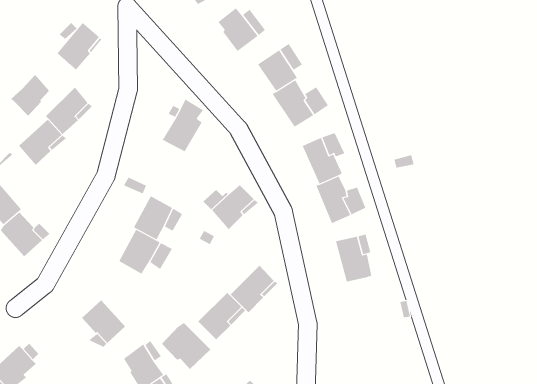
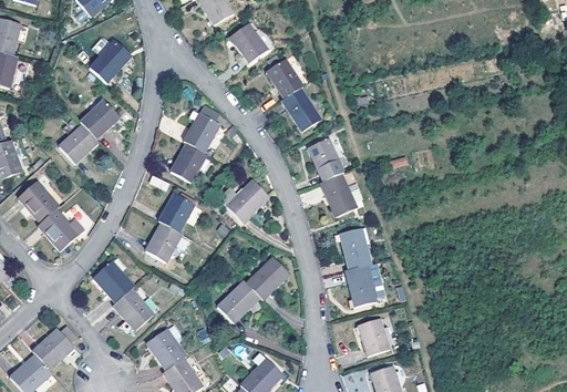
building: [11,74,50,117] -> none
building: none -> [171,145,208,185]
building: none -> [92,261,133,301]
building: none -> [346,267,373,308]
building: [161,322,211,370] -> none
building: none -> [359,319,389,357]

